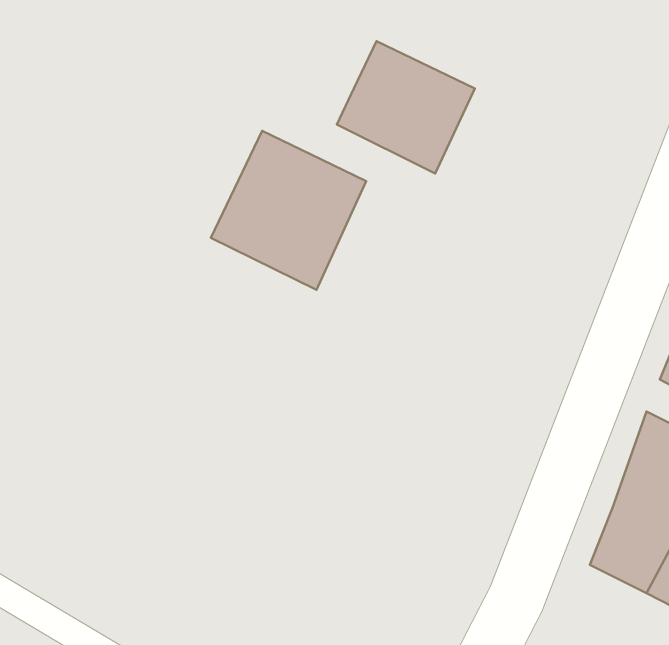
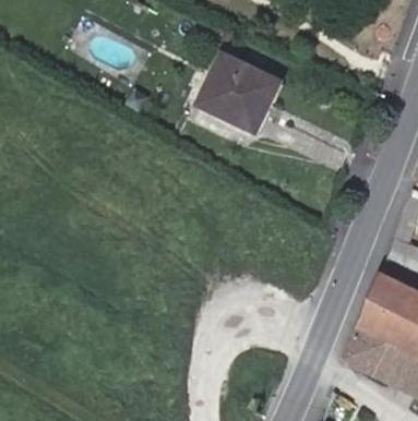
building: [211,131,366,290] -> none

